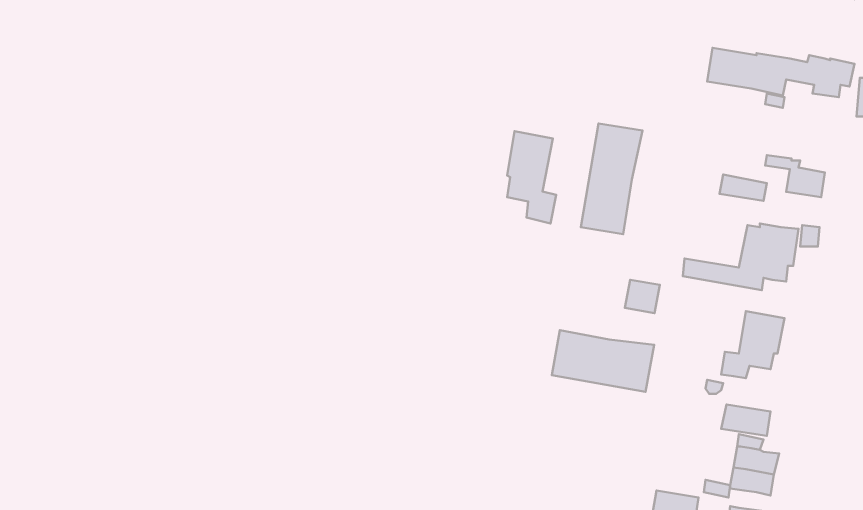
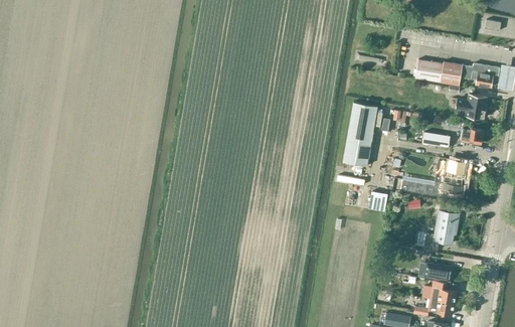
building: none -> [456,94,487,118]
building: [507,131,556,223] -> none
building: [552,330,654,392] -> none

